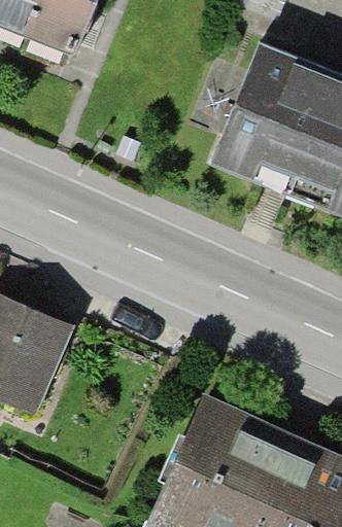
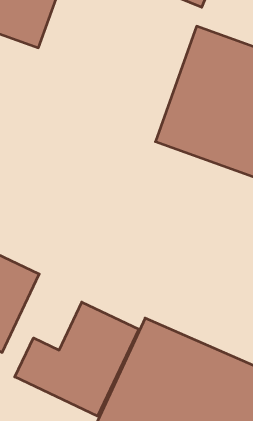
building: none -> [15,302,139,416]

